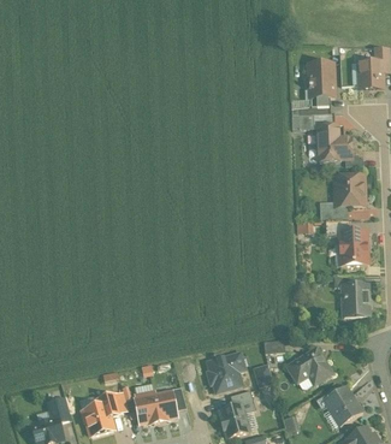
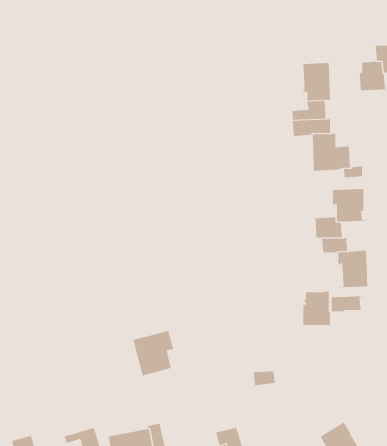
building: [343,284,368,315] -> [302,291,331,325]
building: [288,348,331,389] -> none
building: [207,351,244,392] -> [133,331,174,376]

